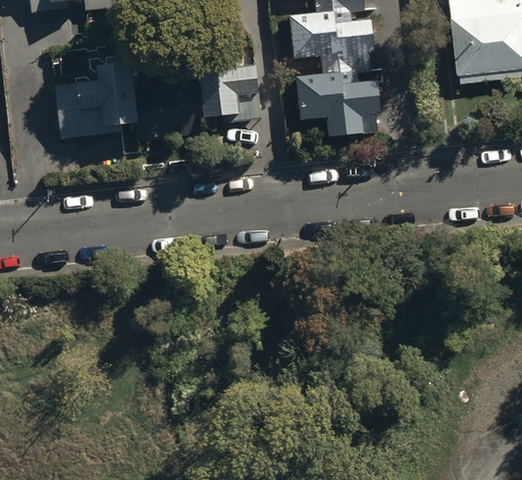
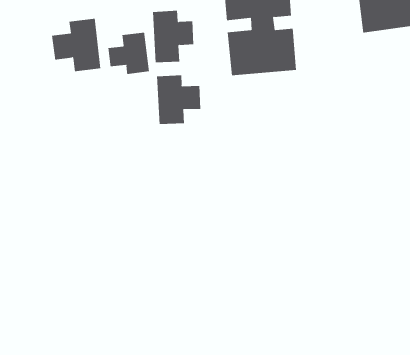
building: none -> [108,32,149,75]
building: none -> [156,74,201,125]

